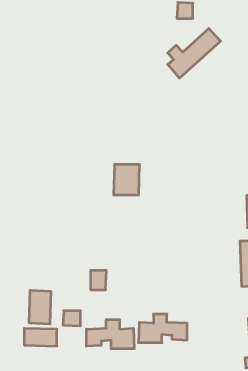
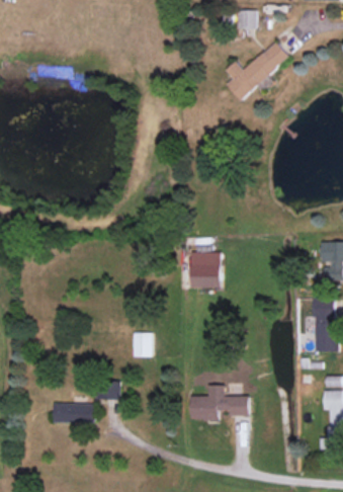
building: [114,165,140,195] -> [190,251,222,288]
building: [29,290,51,324] -> none
building: [86,320,134,349] -> none

